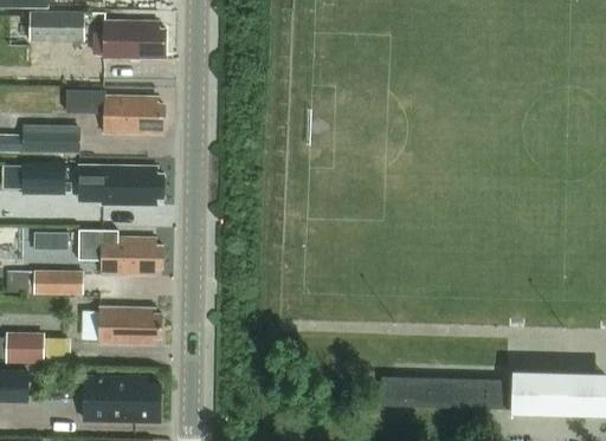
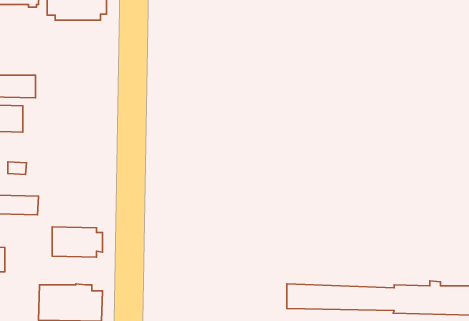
building: [66,86,163,134] -> none
building: [77,167,162,207] -> none
building: [78,229,162,275] -> none

